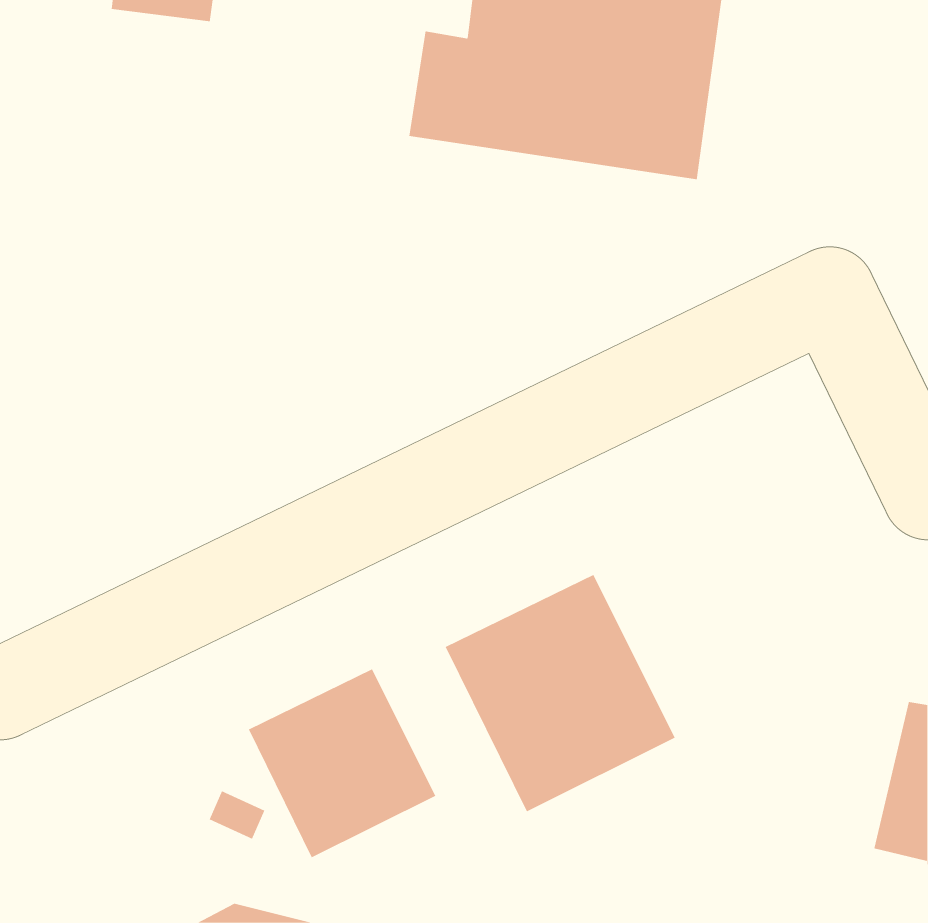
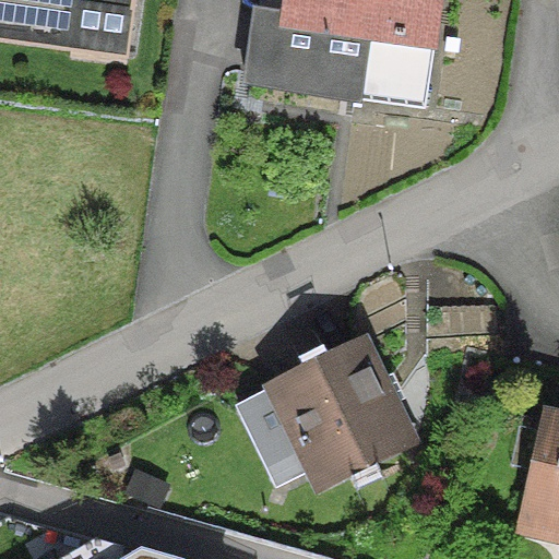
building: [248,669,436,858] -> none

